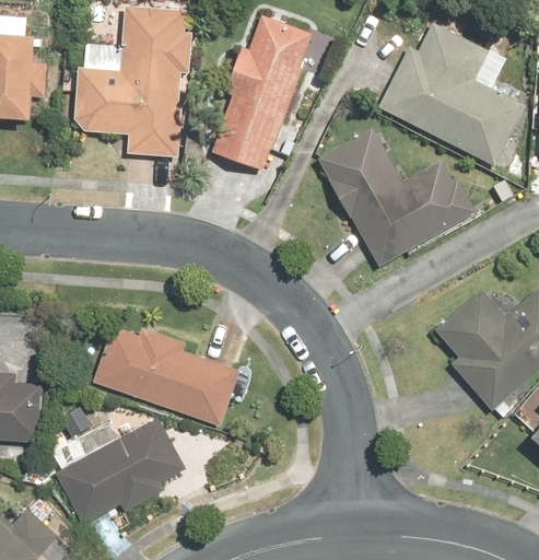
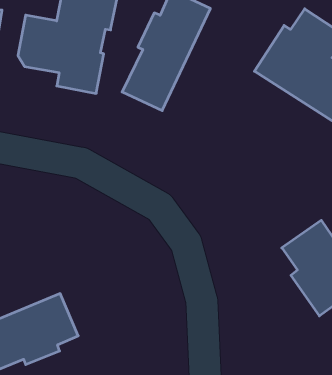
building: [319,128,476,265] -> none
building: [93,326,239,427] -> none

